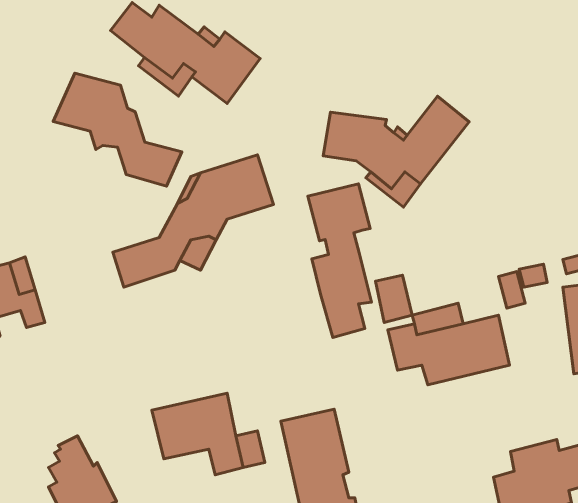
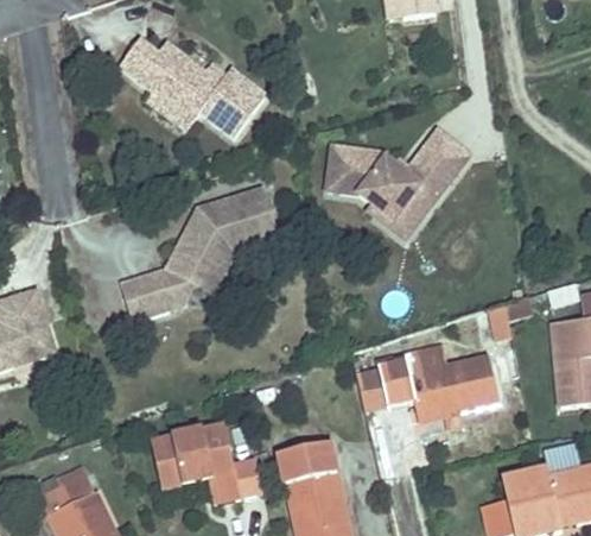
building: [53,73,182,186] -> none
building: [308,184,372,338] -> none
building: [376,275,412,323] -> [357,360,393,406]

